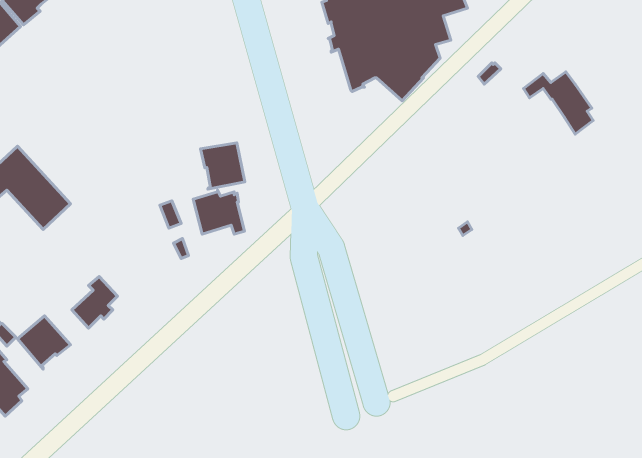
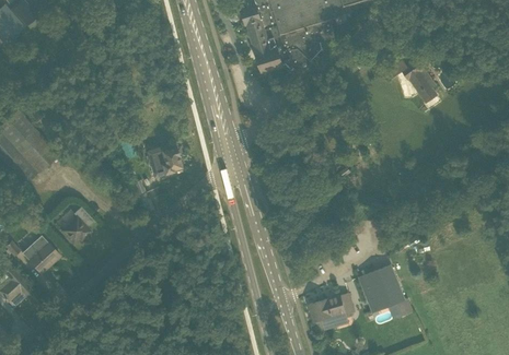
building: [200,143,245,189] -> none
building: none -> [357,264,412,318]
building: none -> [309,293,354,330]

